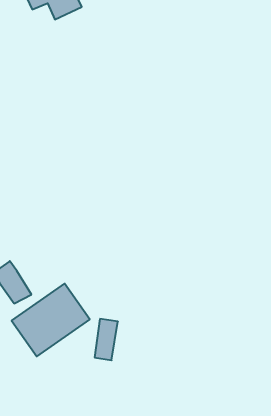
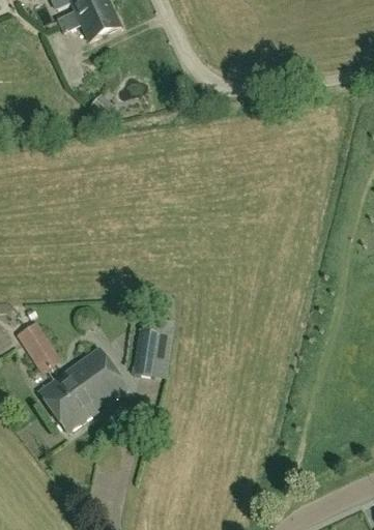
building: [95,319,118,360] -> [133,327,160,375]

